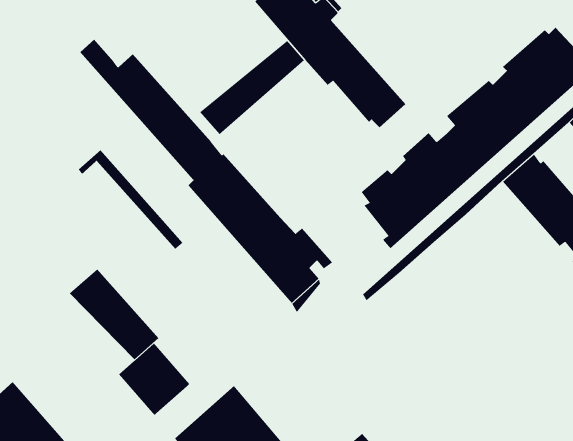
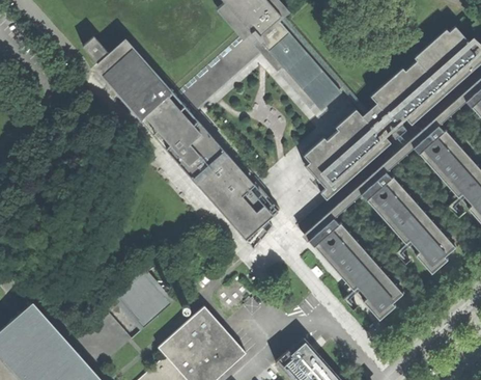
building: [78,149,183,249] -> [112,38,194,116]
building: none -> [361,173,456,275]
building: [69,268,159,360] -> none
building: none -> [308,219,403,321]

